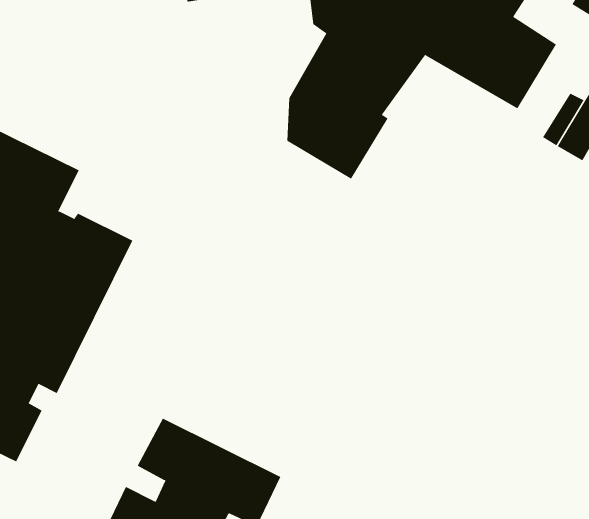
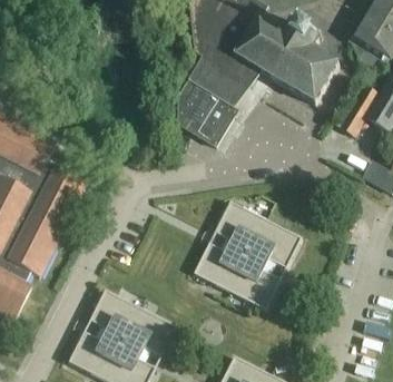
building: none -> [195,200,304,310]

